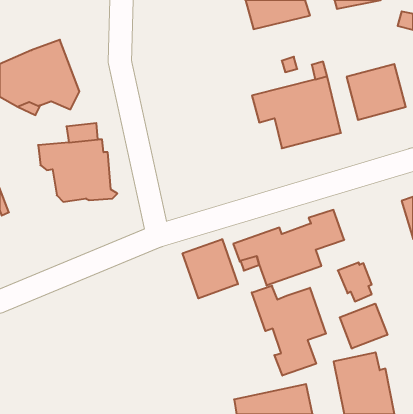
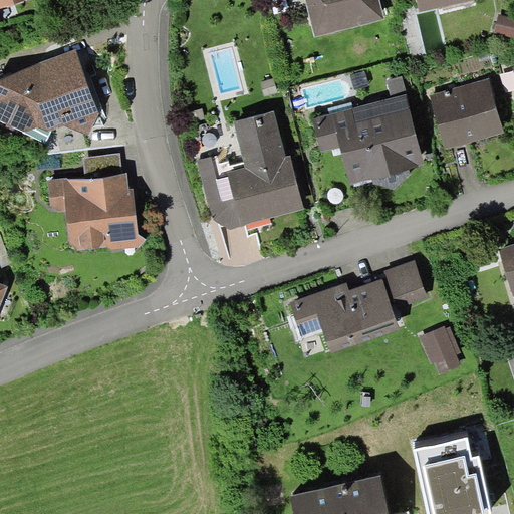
building: none -> [196,110,303,229]
building: [183,239,238,298] -> none
building: [252,286,326,376] -> none
building: [340,304,387,349] -> none

